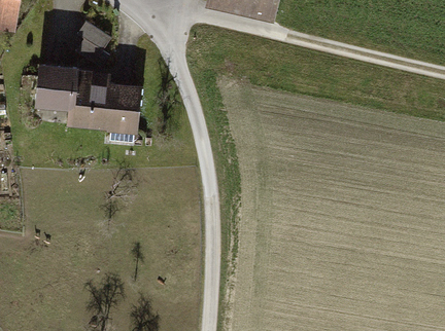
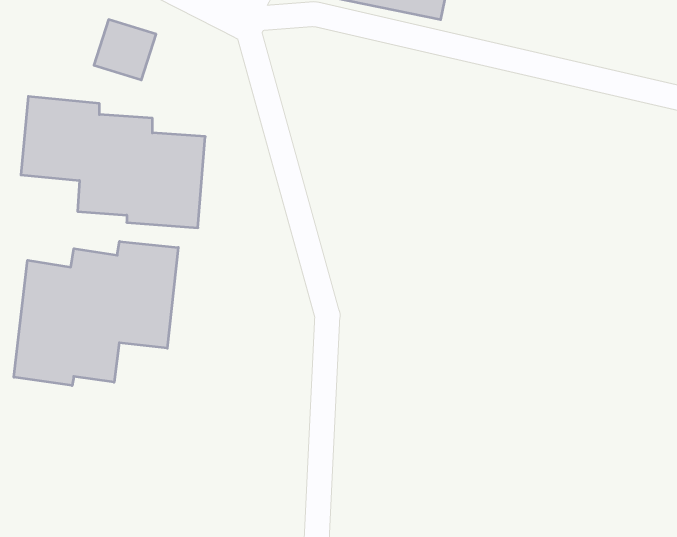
building: none -> [14,241,178,386]

